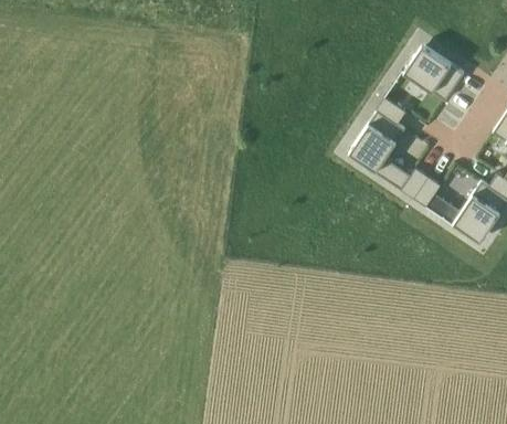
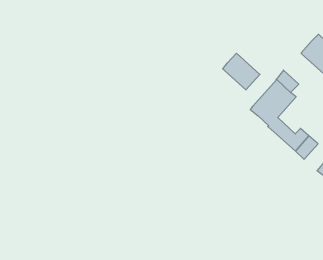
building: none -> [223,53,260,90]

